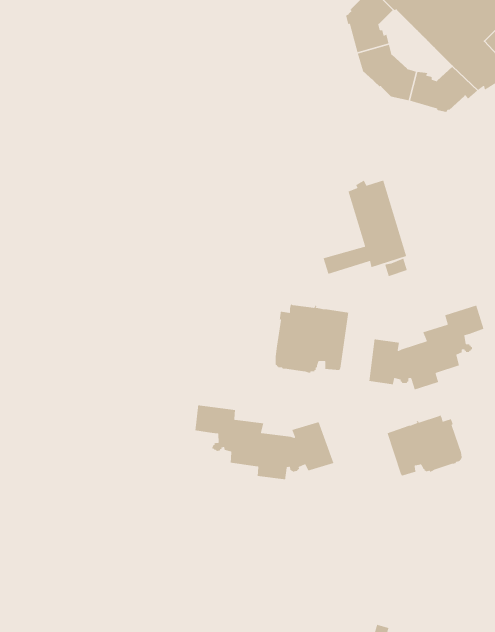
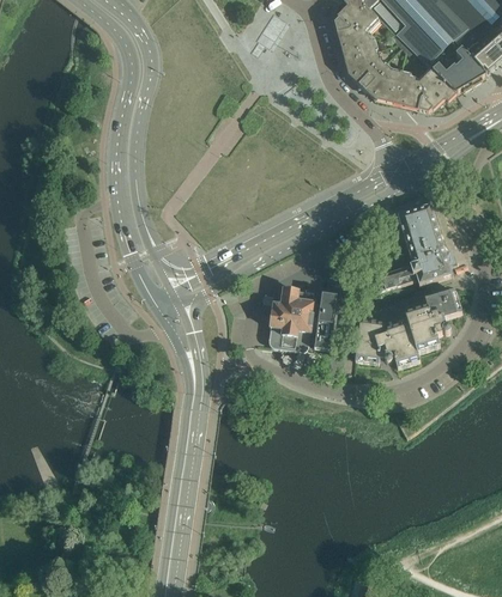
building: [323,180,407,275] -> [374,202,452,290]
building: [194,405,334,480] -> none
building: [386,414,463,476] -> none

